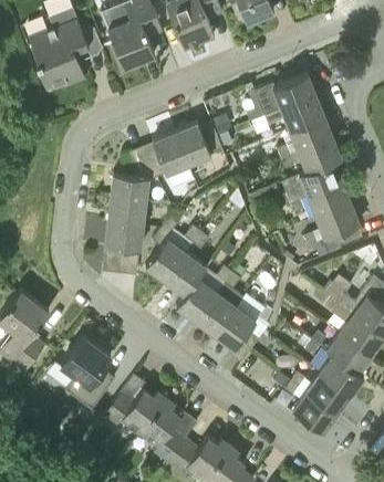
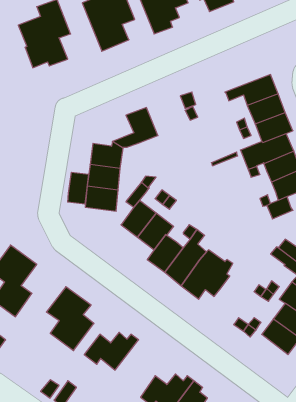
building: [249,74,316,118] -> none
building: [175,123,224,165] -> none
building: none -> [68,172,89,204]
building: [292,391,336,432] -> none
building: [139,398,185,463] -> none

